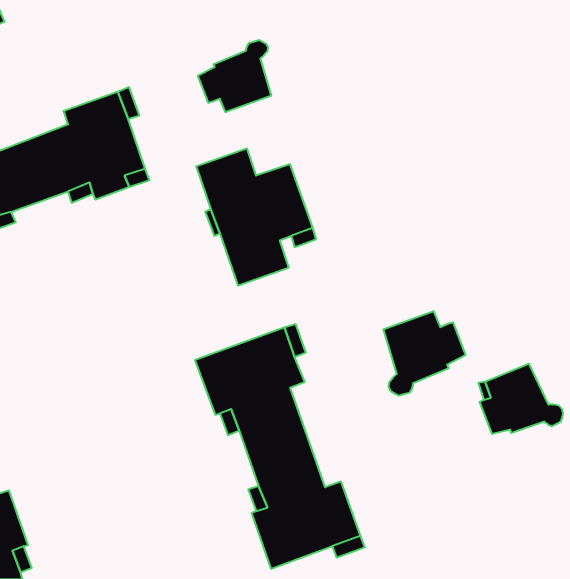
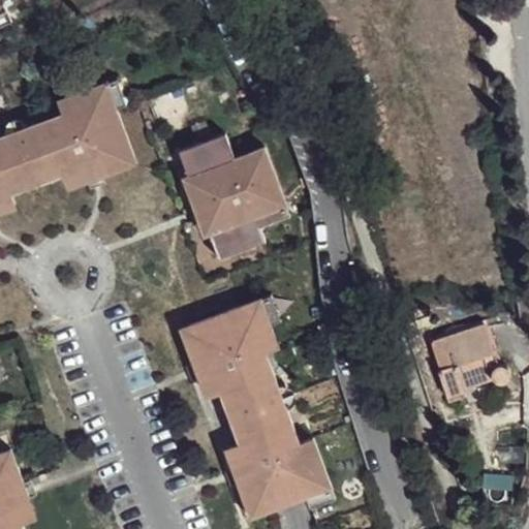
building: [198,40,271,112] -> none
building: [383,311,465,396] -> none

